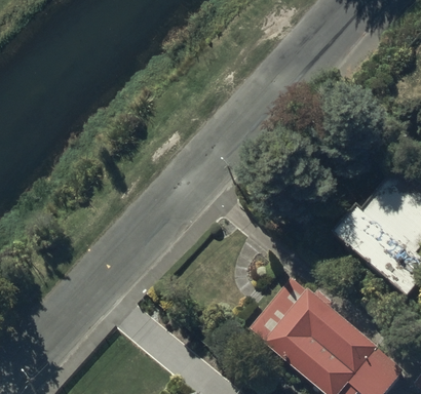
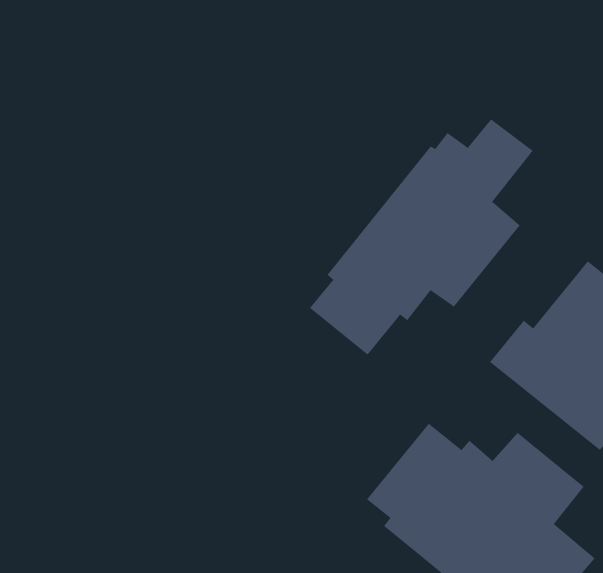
building: none -> [309,118,533,356]

